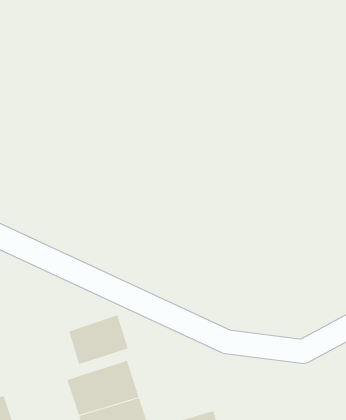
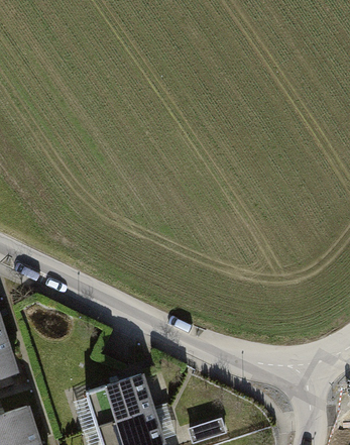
building: [68,314,128,365] -> none

